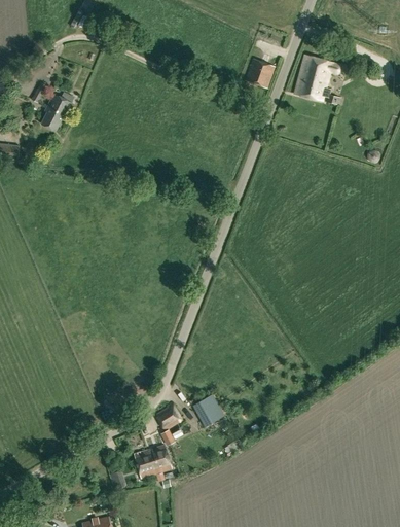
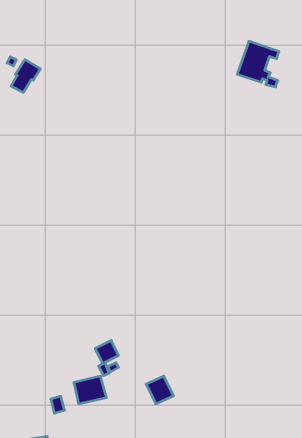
building: [245,59,275,89] -> none
building: [192,394,224,426] -> [146,376,174,404]

